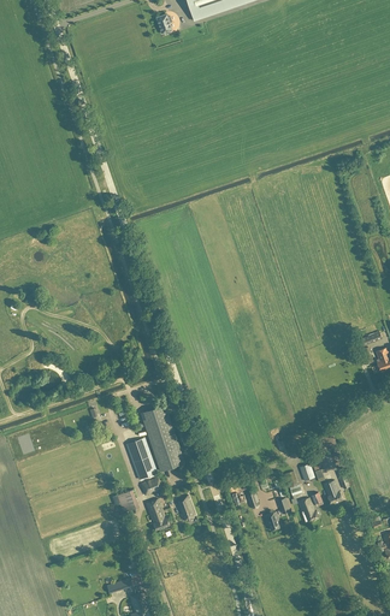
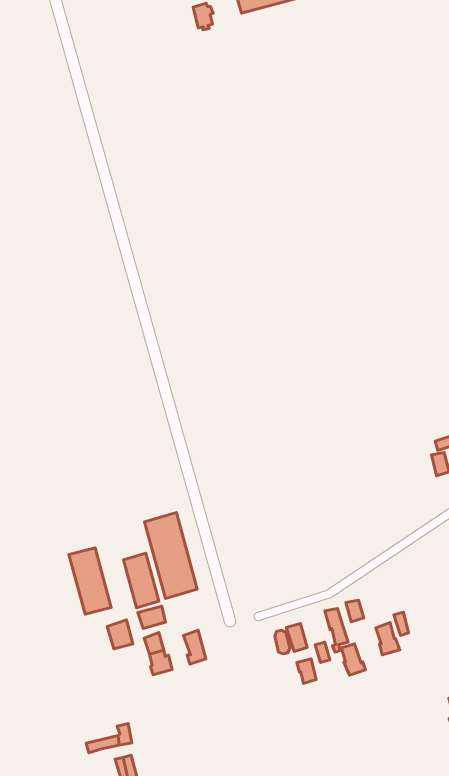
building: none -> [69,548,111,614]

